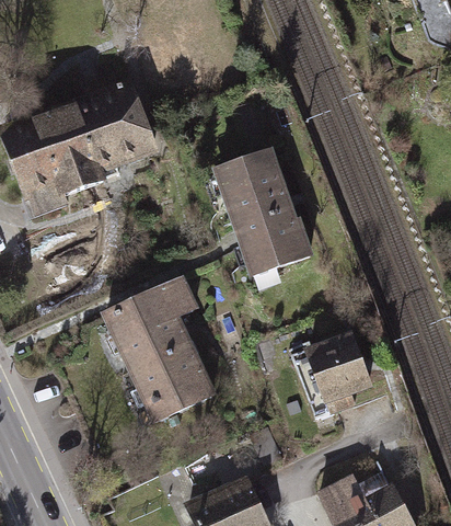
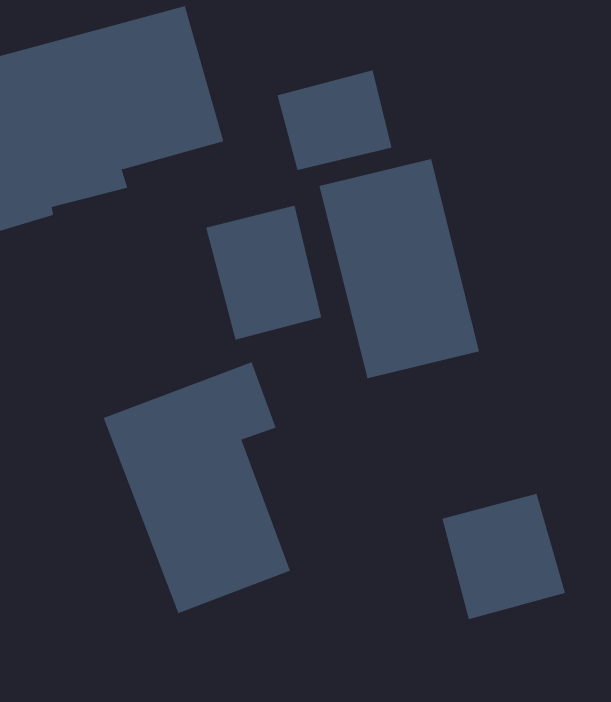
building: none -> [277,70,392,171]
building: none -> [205,205,322,341]

